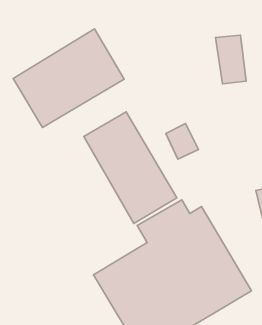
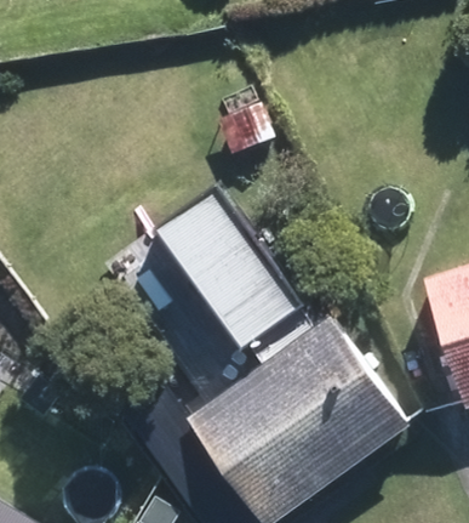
building: [13,29,124,128] -> none

